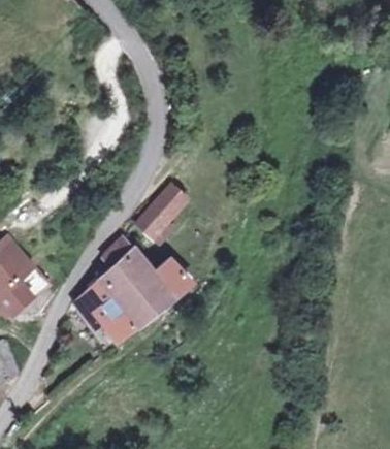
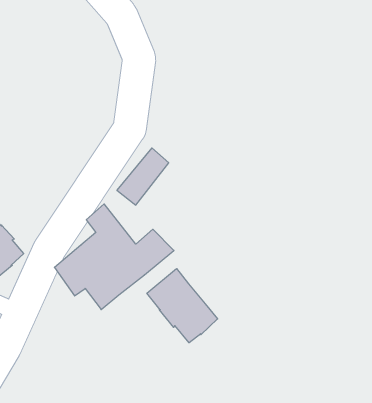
building: none -> [147,269,218,343]

